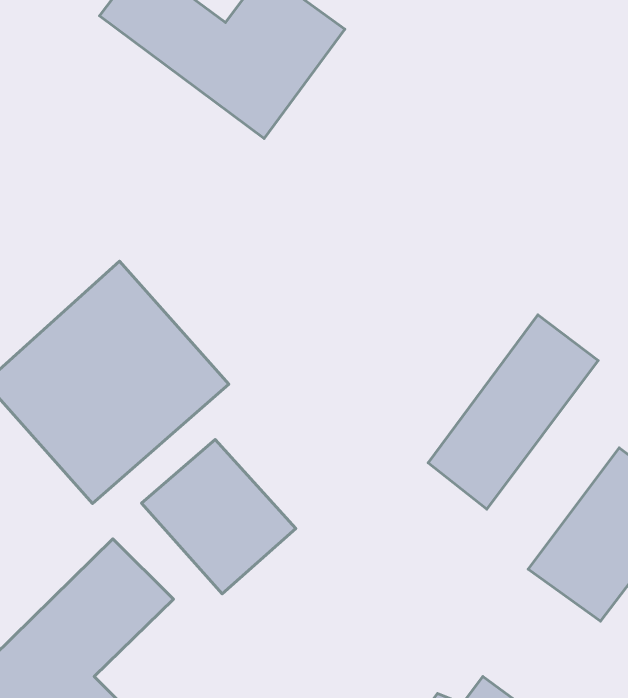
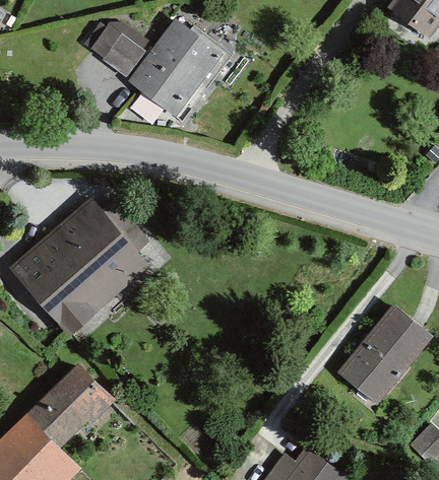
building: [428,315,598,509] -> none
building: [141,439,296,594] -> none

